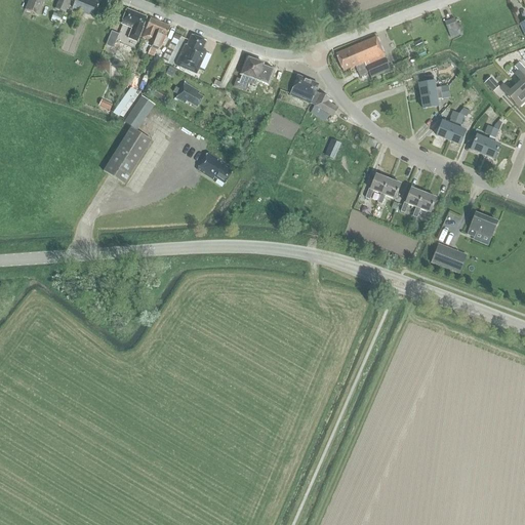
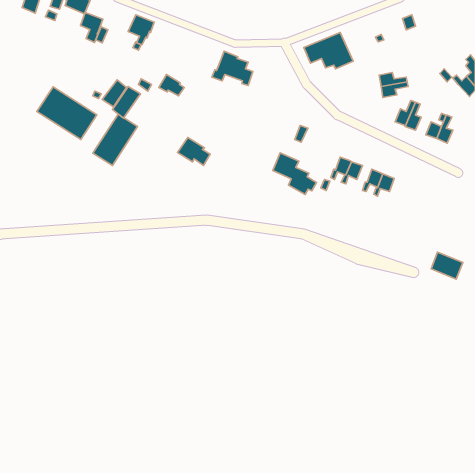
building: [121,8,146,41] -> [81,13,103,42]
building: [173,33,206,72] -> none
building: [289,74,337,120] -> [273,153,316,195]
building: none -> [37,87,97,139]
building: [467,212,496,236] -> none
building: [432,243,467,273] -> [431,252,463,279]

